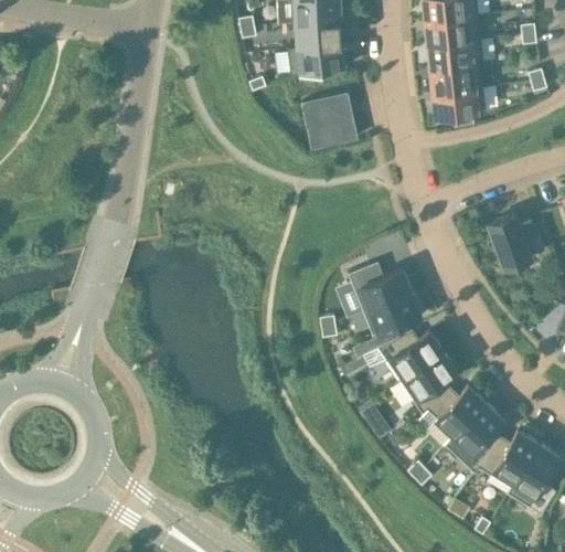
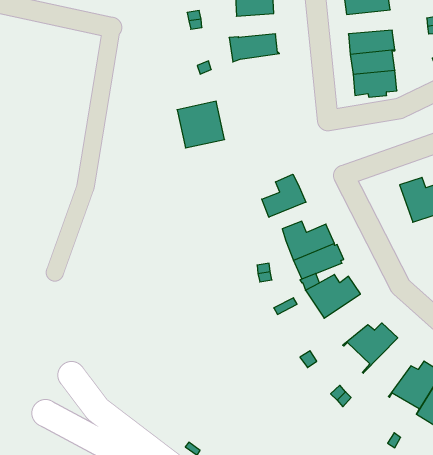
building: [425,14,479,43] -> none
building: [295,19,341,47] -> none
building: [300,92,356,147] -> [177,101,225,148]
building: none -> [262,174,306,217]
building: [398,351,456,412] -> none
building: [445,403,502,473] -> none

